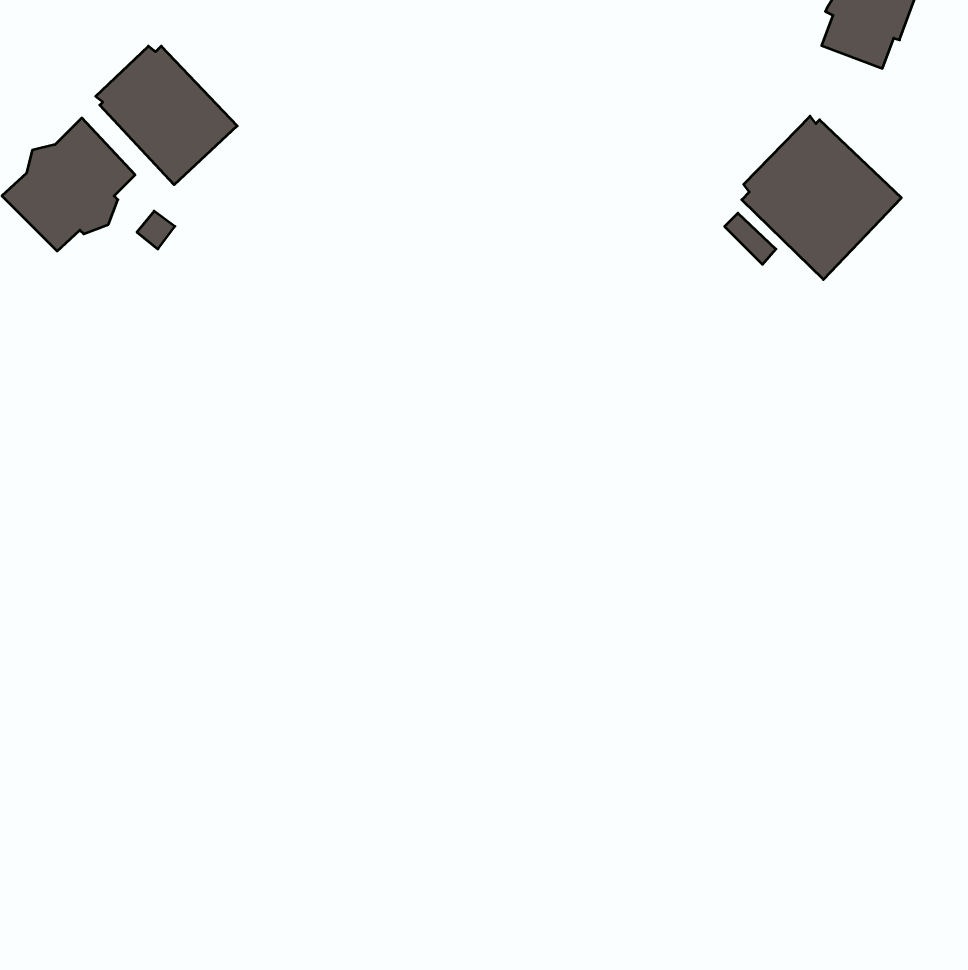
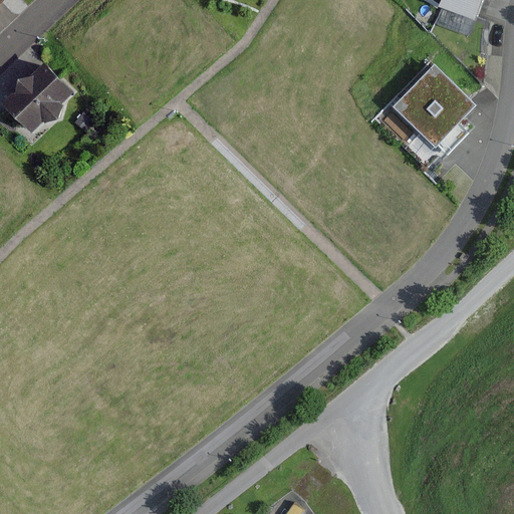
building: [96,46,237,185] -> none

